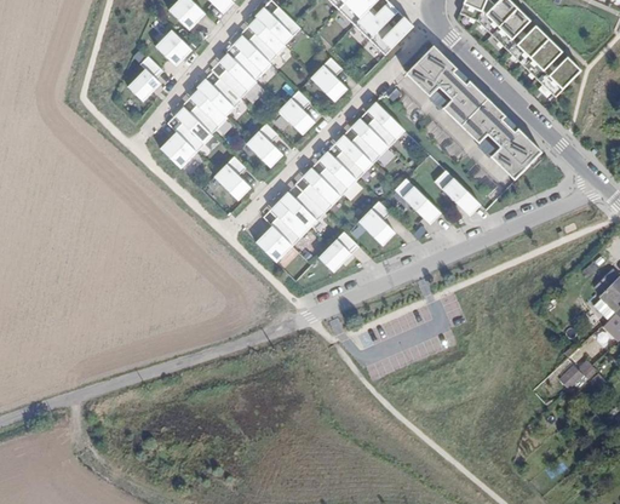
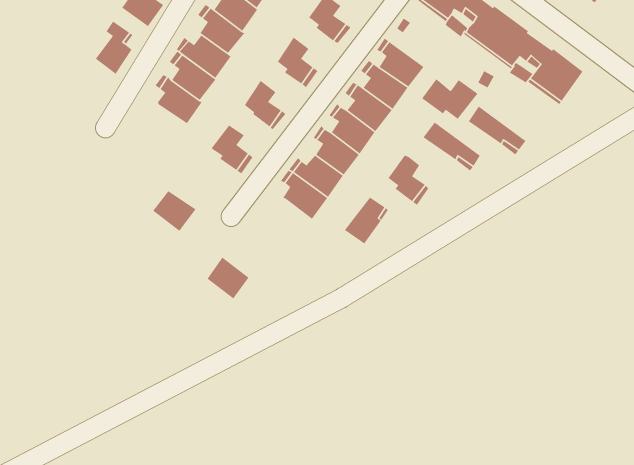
building: [161,132,199,168] -> [152,190,197,232]
building: none -> [421,78,479,120]
building: [257,225,293,263] -> [206,256,249,300]

